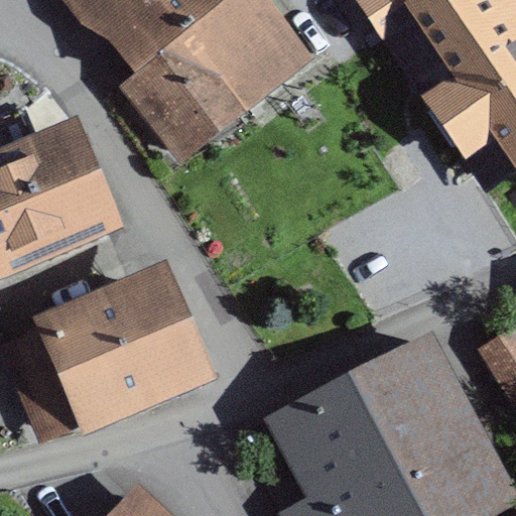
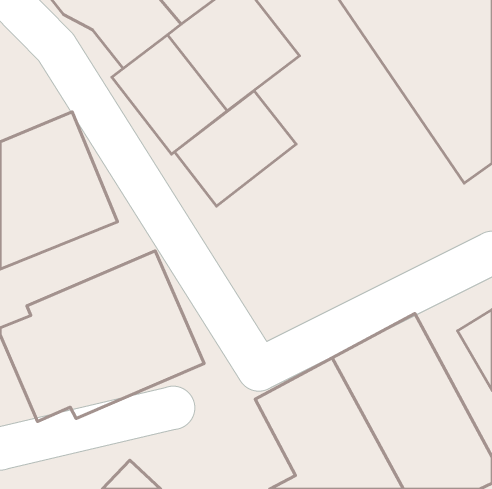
building: none -> [175,91,296,206]

